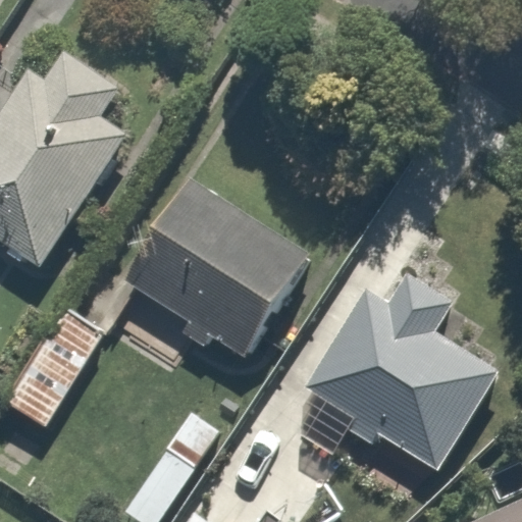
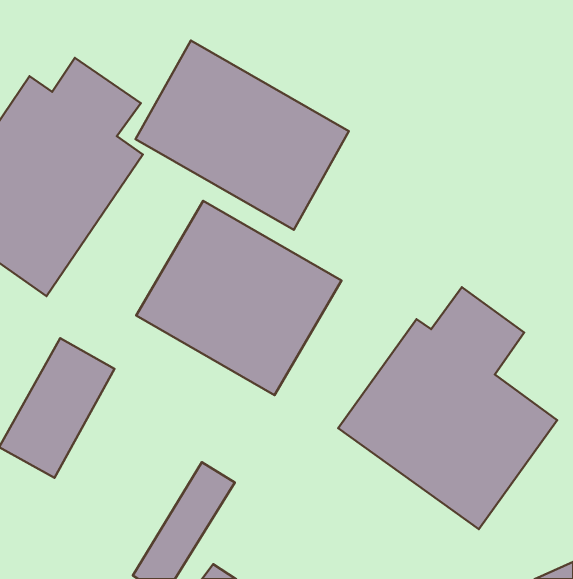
building: none -> [136,41,349,230]

